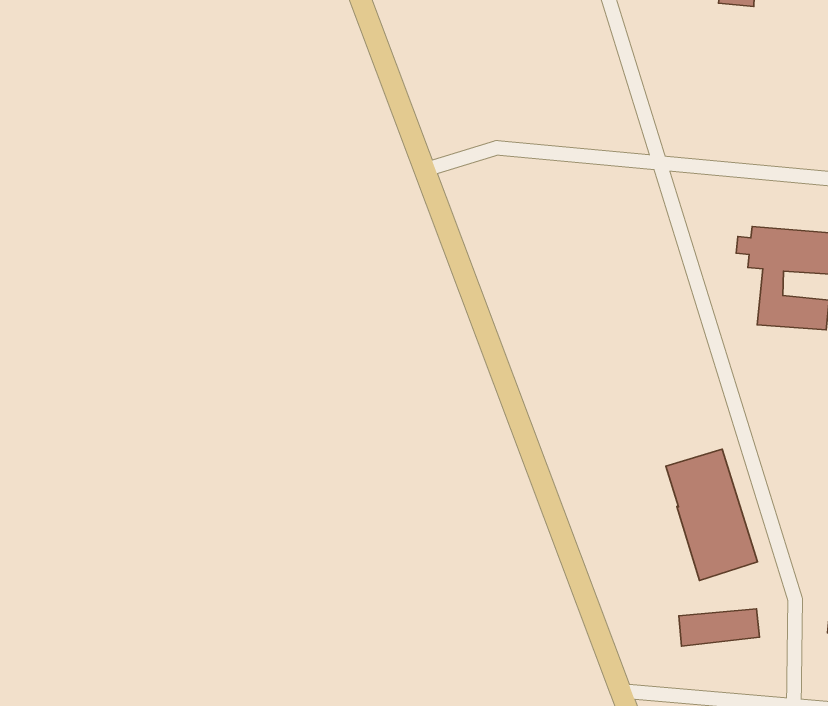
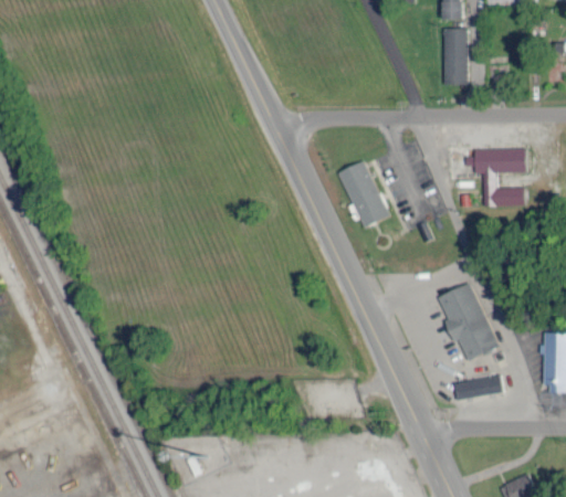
building: none -> [443,29,468,85]
building: none -> [339,161,388,228]

